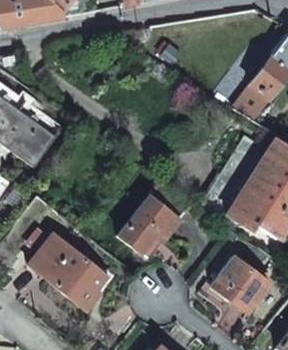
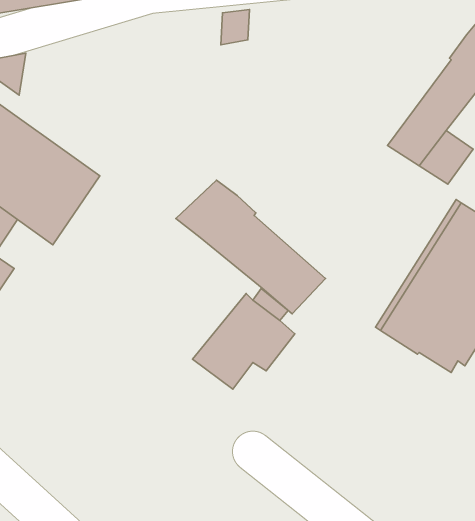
building: none -> [176,180,326,314]
building: [28,234,105,309] -> none
building: [211,255,270,312] -> none

